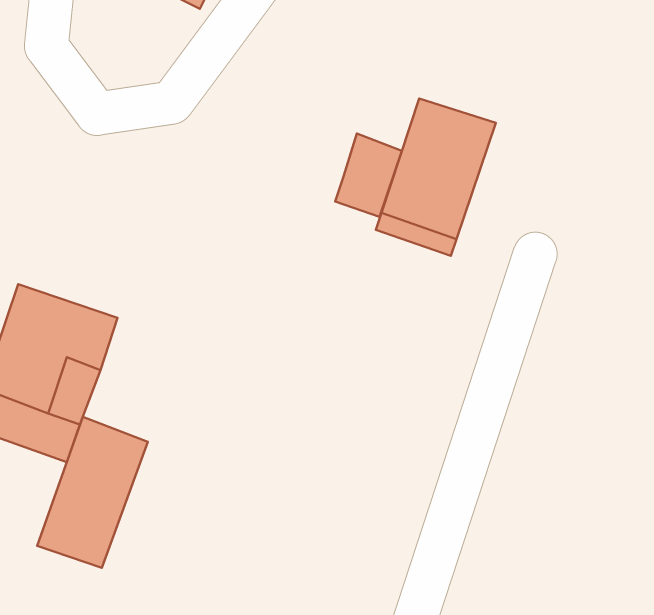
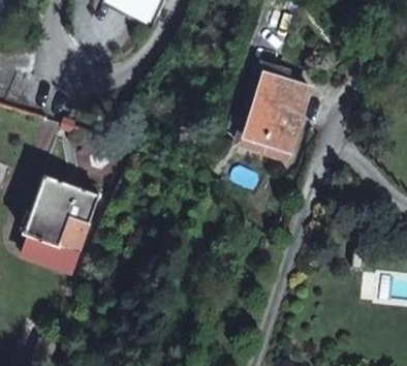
building: [335,133,402,217] -> none
building: [37,417,148,568] -> none

